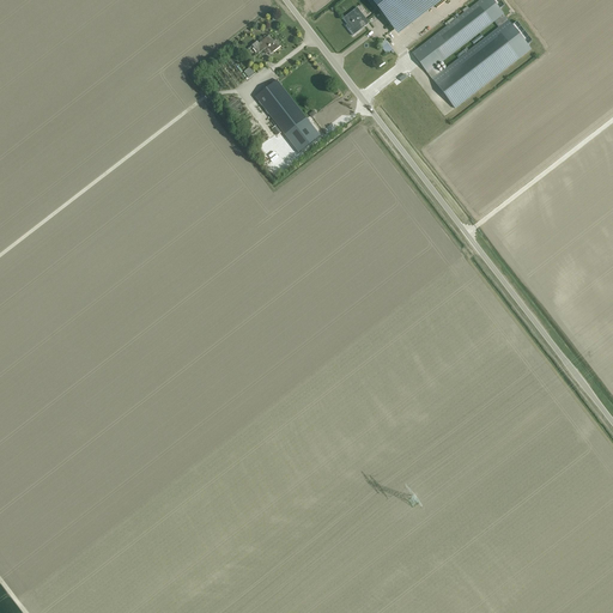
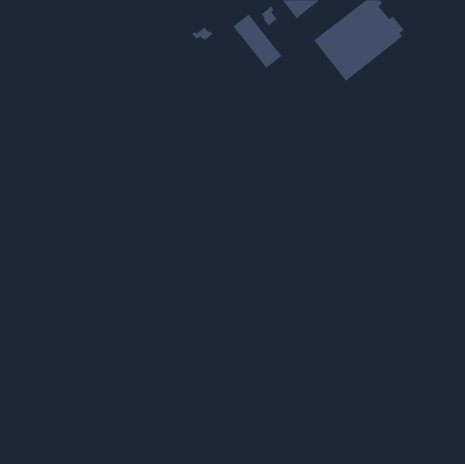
building: [255,79,321,152] -> [233,13,283,69]

